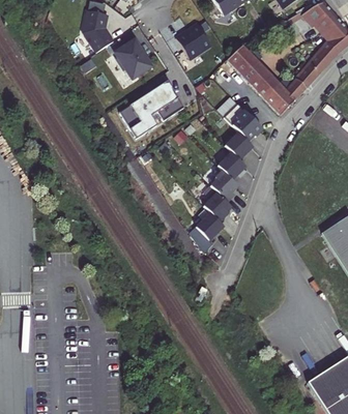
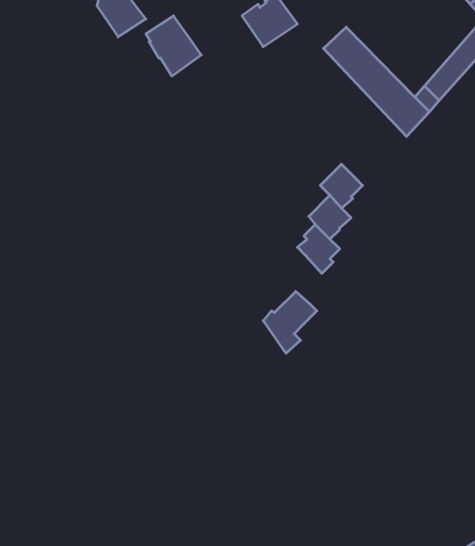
building: [119,82,183,138] -> none
building: [224,104,261,142] -> none
building: [203,190,230,221] -> none

